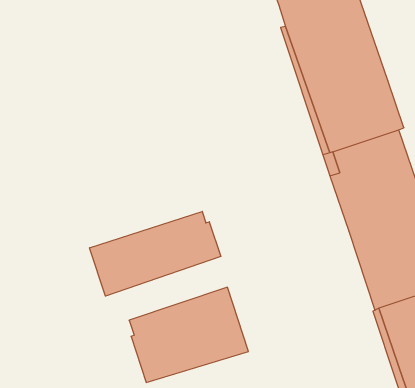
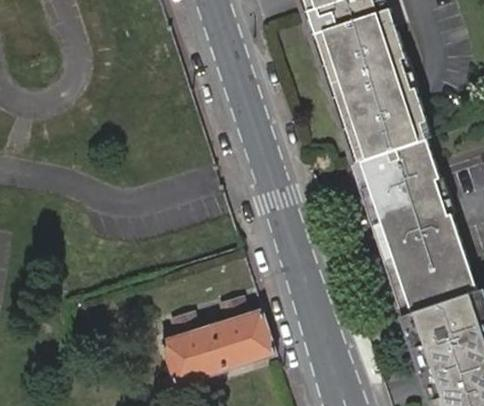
building: [90,211,221,296] -> none

